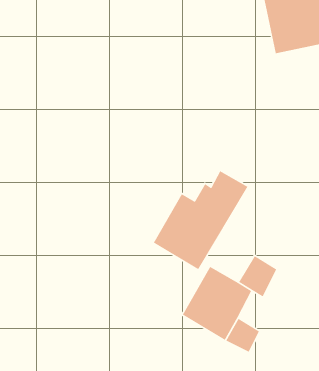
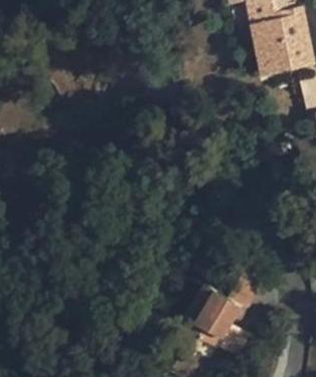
building: [153,170,249,270] -> none

